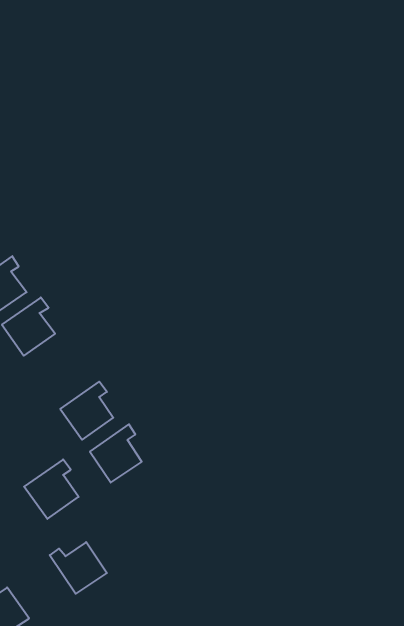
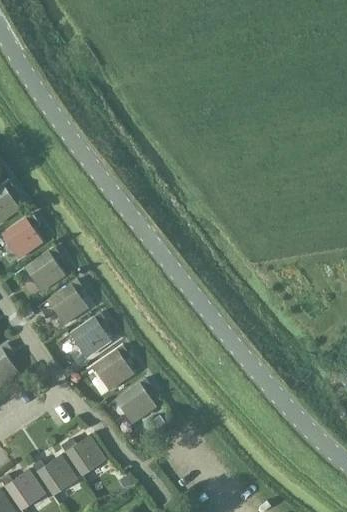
building: none -> [46,279,87,325]
building: [24,459,79,519] -> [114,378,156,424]
building: none -> [32,455,76,496]

